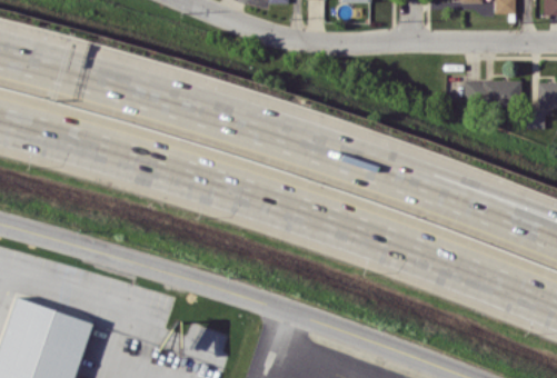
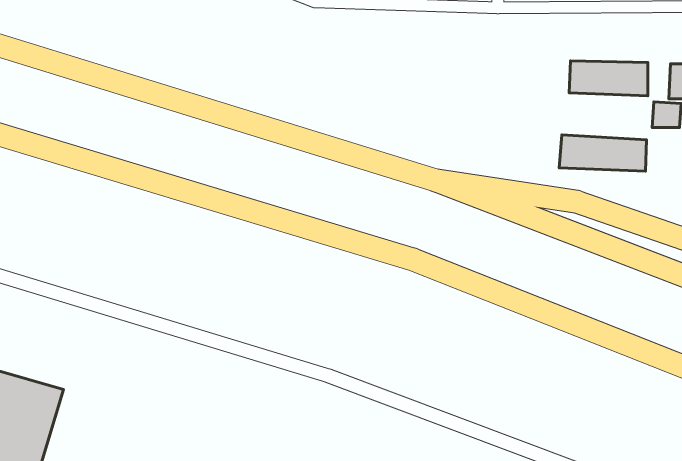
building: none -> [559,135,646,171]

